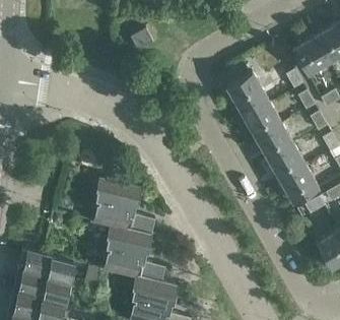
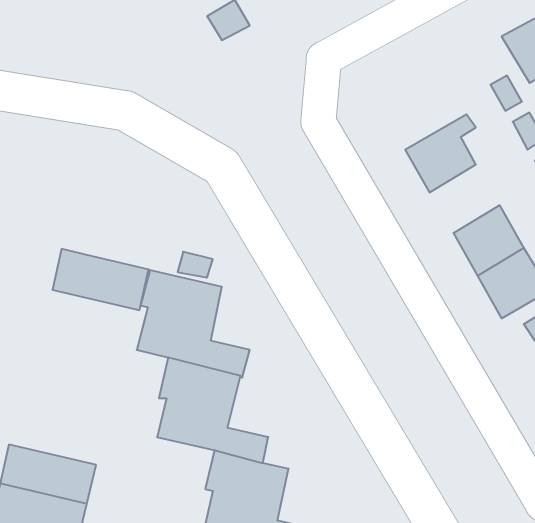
building: [225,72,273,111] -> none
building: [253,119,291,156] -> none
building: [22,250,75,283] -> [52,249,149,310]

